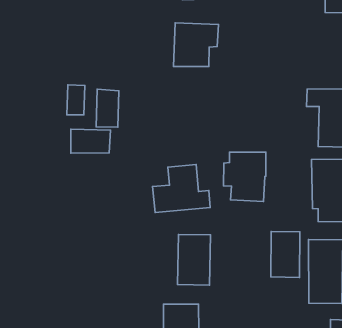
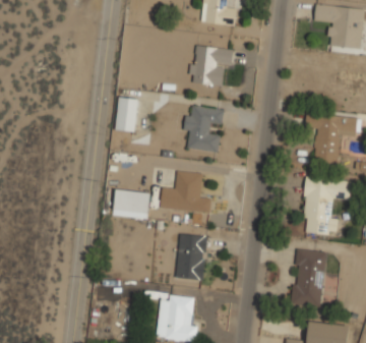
building: [67,85,85,115] -> none
building: [71,129,111,153] -> [115,189,152,214]
building: [224,152,266,201] -> [184,106,225,153]
building: [271,231,300,277] -> none

